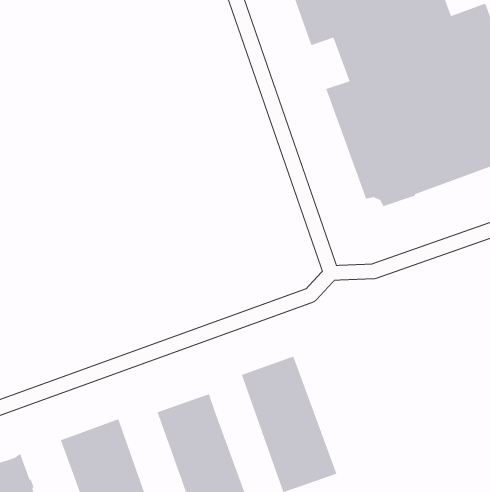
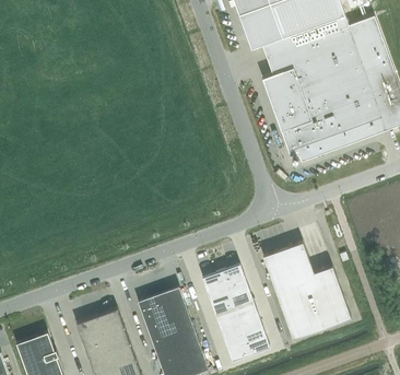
building: none -> [263,242,351,340]

